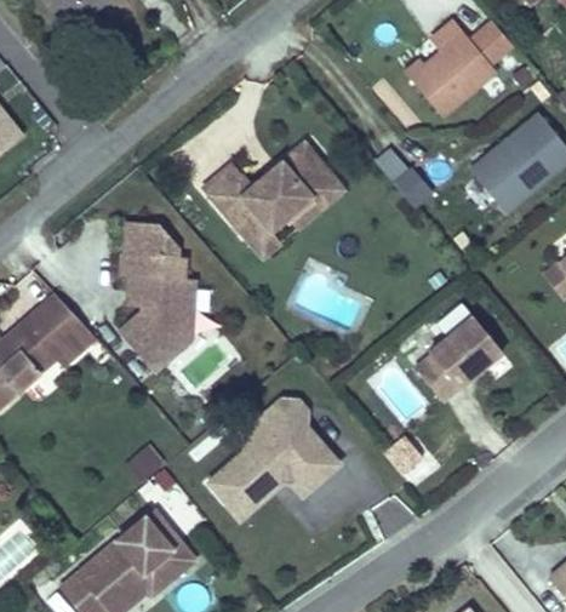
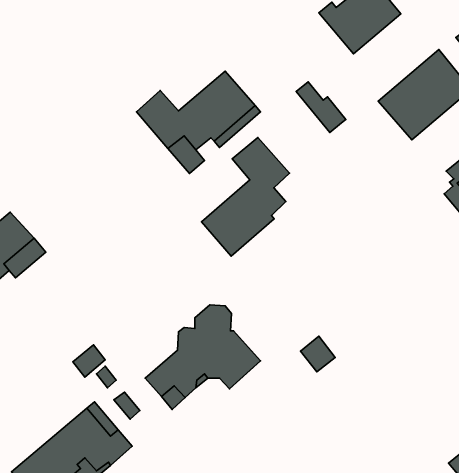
building: none -> [202,138,290,256]
building: [118,225,193,371] -> none
building: [415,314,502,400] -> none

